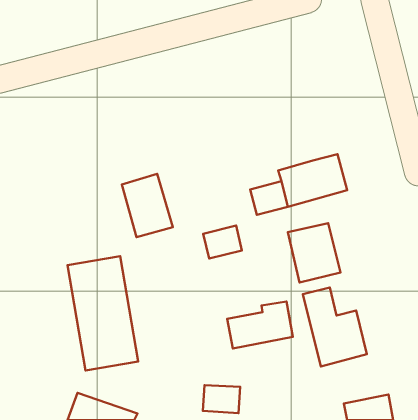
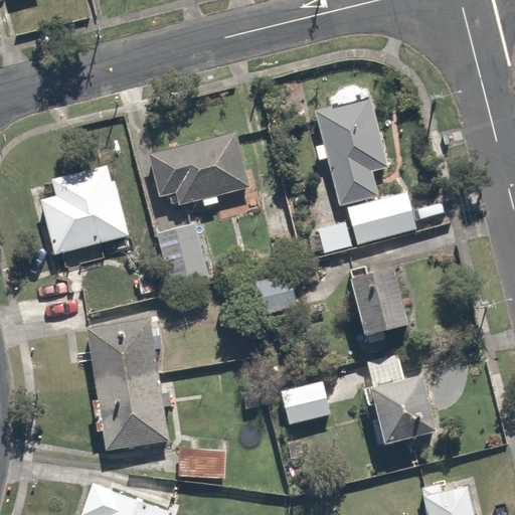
building: none -> [315,79,397,208]
building: none -> [144,136,248,209]
building: none -> [37,163,127,253]
building: [203,385,240,413] -> [175,446,220,480]

